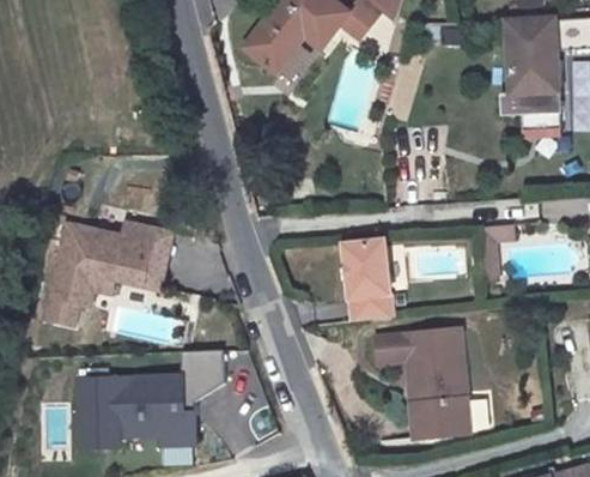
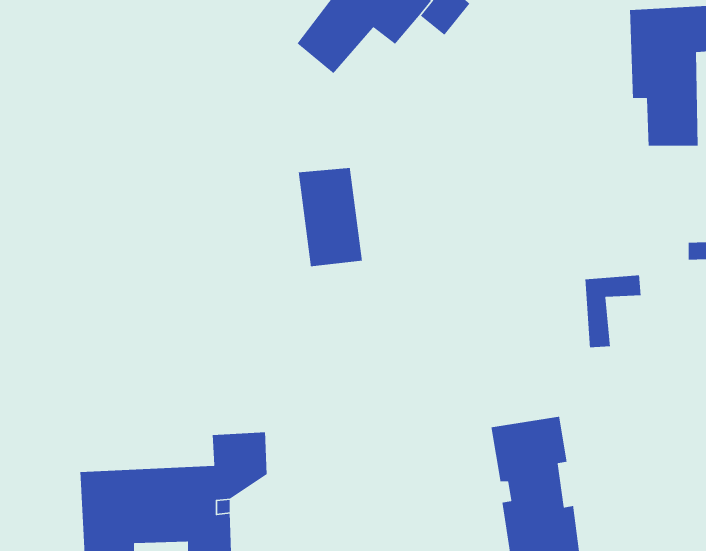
building: [57,215,166,331] -> none
building: [341,242,391,320] -> [298,167,363,267]

